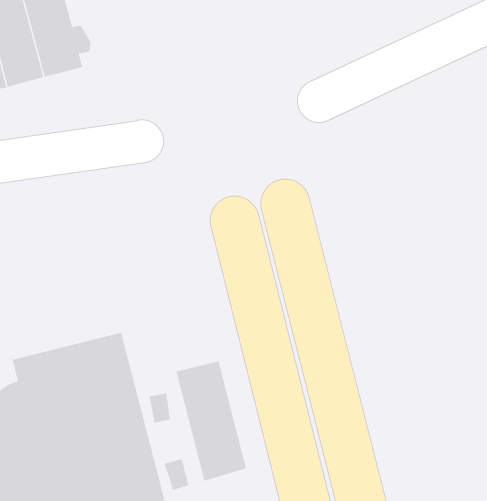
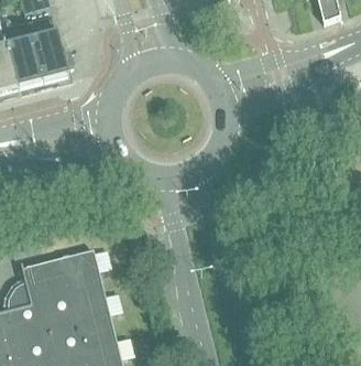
building: [176,360,246,481] -> none

